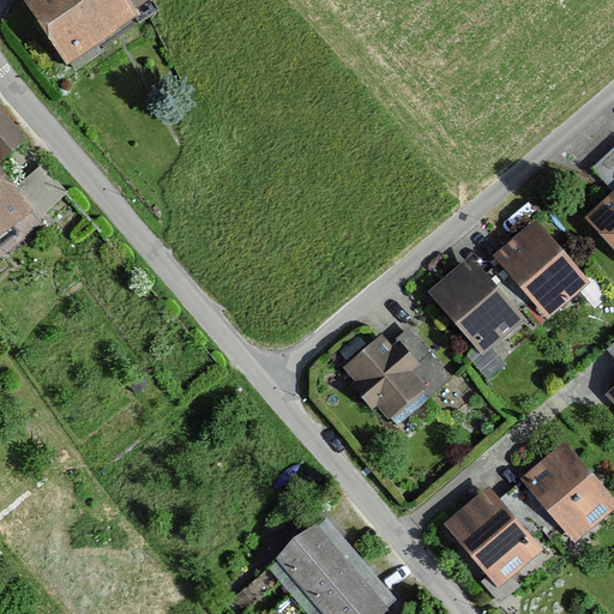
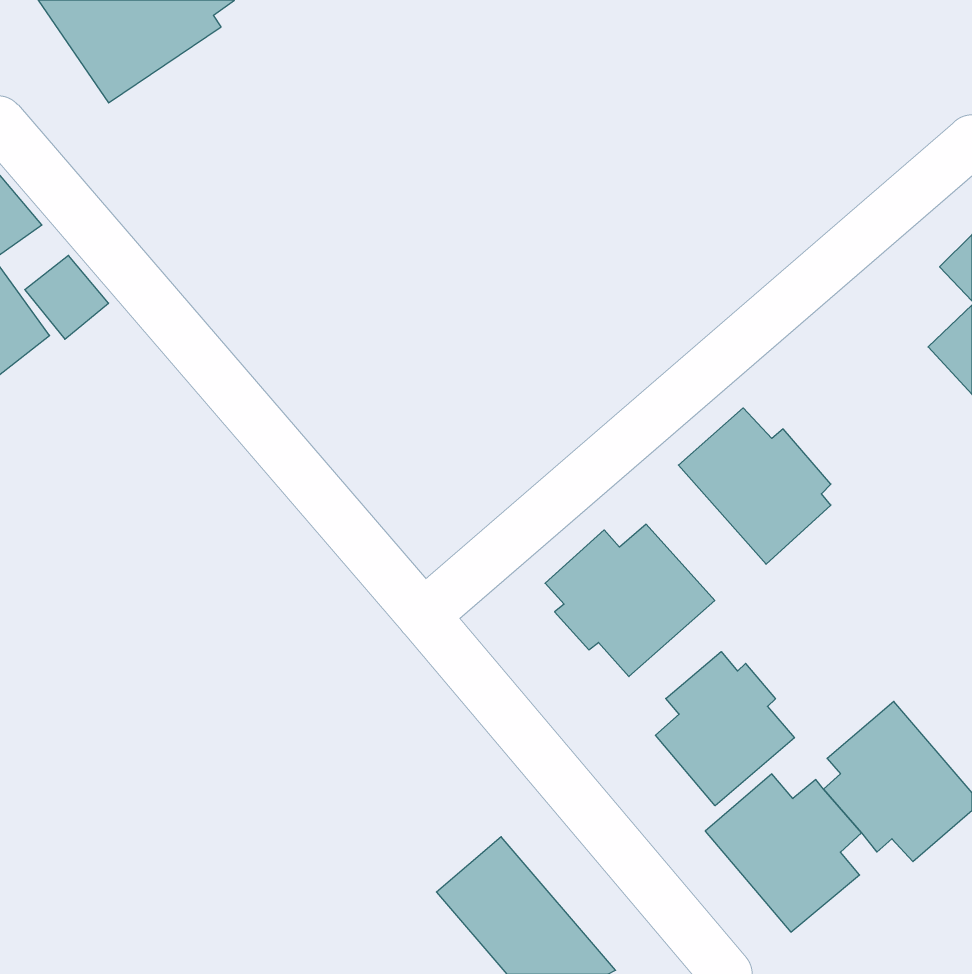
building: [493,219,589,318] -> none
building: none -> [655,652,794,806]

